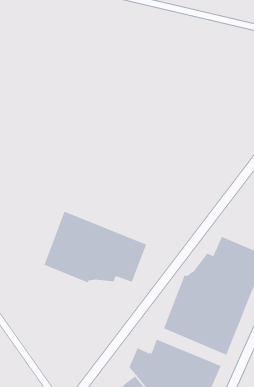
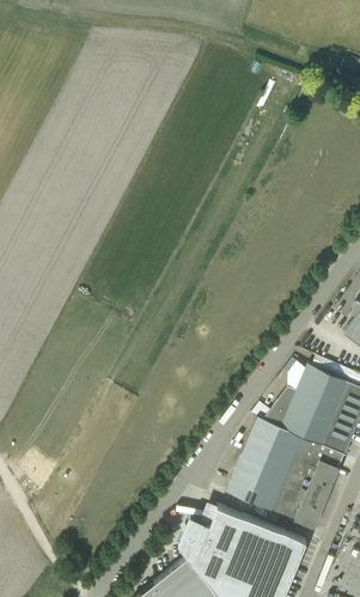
building: [44,211,147,283] -> none

